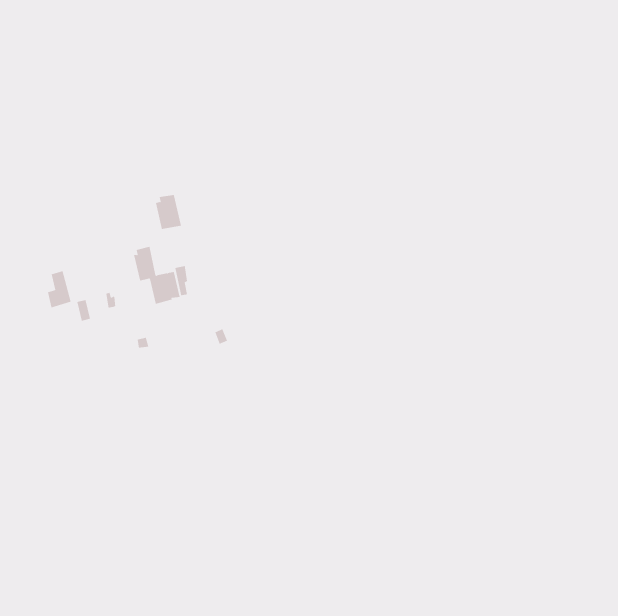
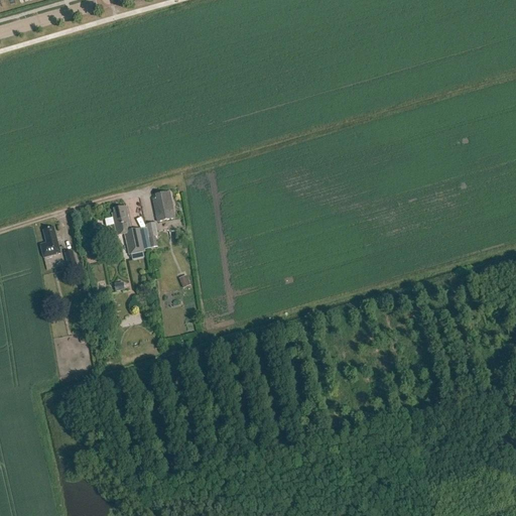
building: [155,194,182,230] -> [152,190,174,220]

